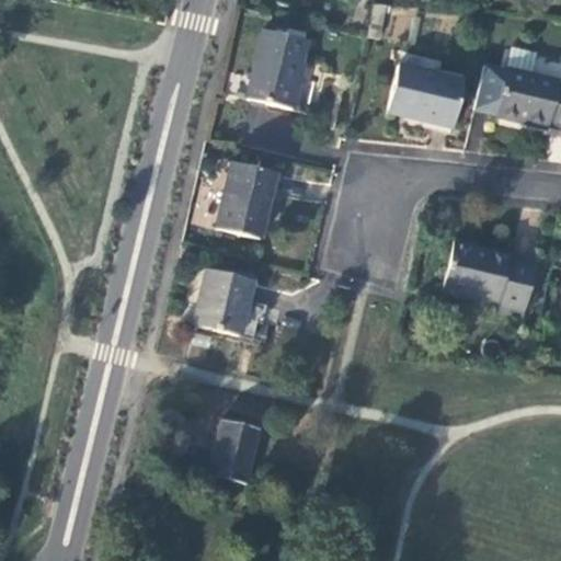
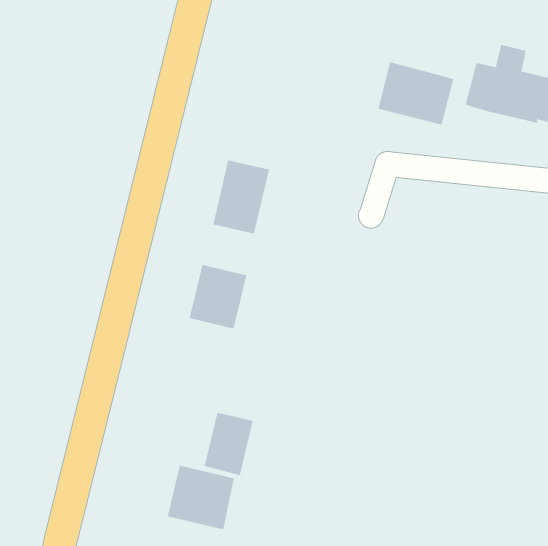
building: [249,28,308,107] -> none
building: [438,238,534,316] -> none
building: none -> [167,465,234,530]

